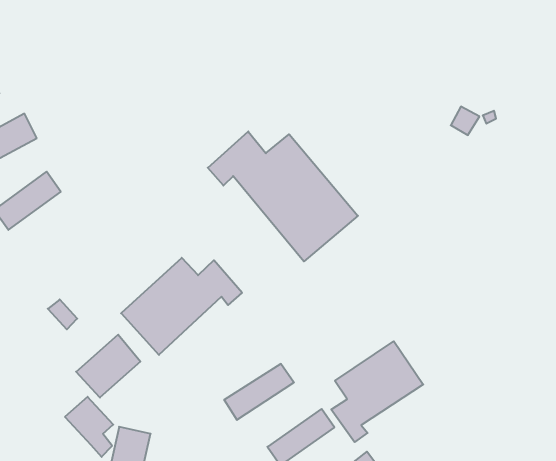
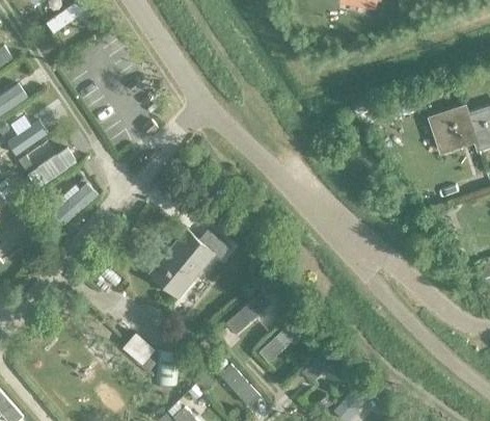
building: [208,131,358,261] -> none
building: [76,335,140,398] -> none
building: [331,341,423,442] -> none

